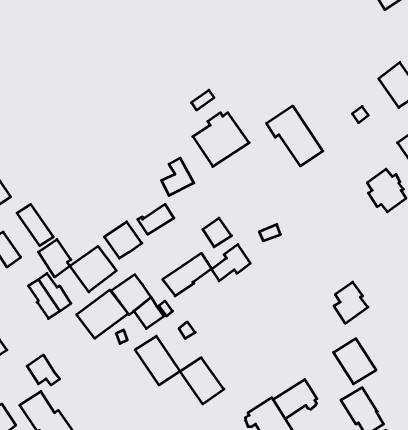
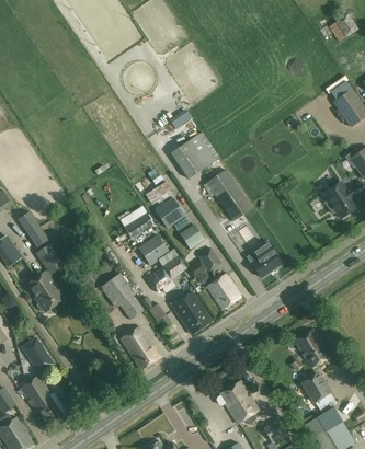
building: [266,106,323,166] -> [203,169,252,221]
building: none -> [156,196,187,227]
building: [104,222,142,258] -> [137,233,170,265]
building: [70,246,116,292] -> none
building: none -> [206,274,241,309]
building: [334,282,368,323] -> [251,241,281,277]
building: [77,290,128,338] -> none
building: [180,358,224,404] -> [172,292,210,333]
building: [273,379,317,419] -> none

